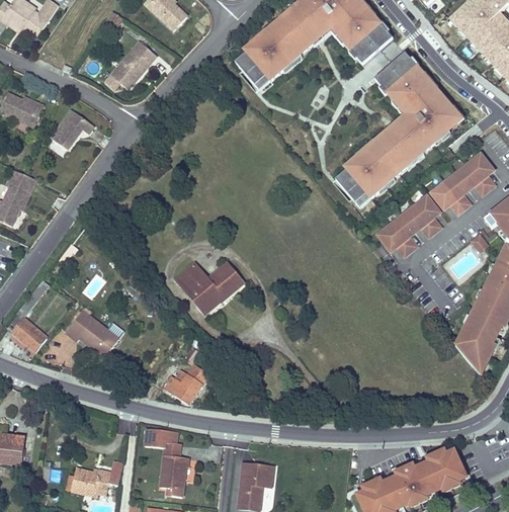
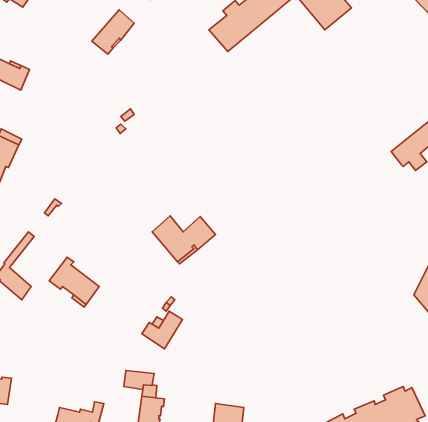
building: [334,51,451,199] -> none
building: [52,109,95,150] -> none
building: [378,196,441,256] -> none

